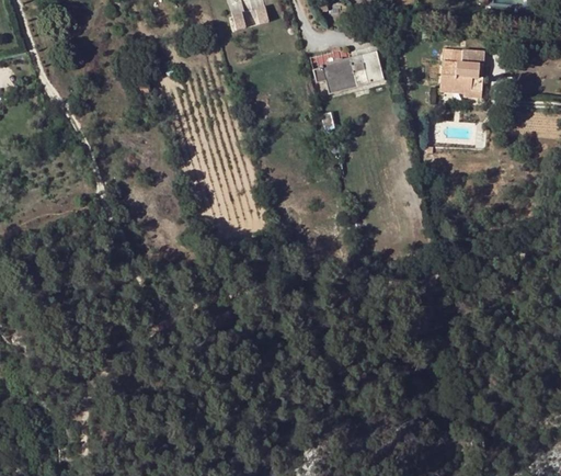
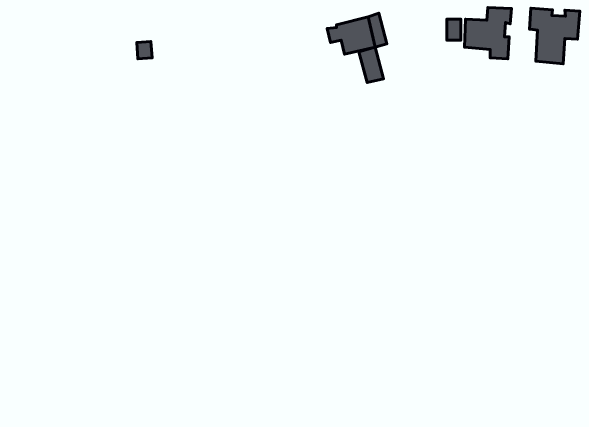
building: none -> [530,8,580,64]
building: [360,50,383,83] -> [359,47,384,82]

